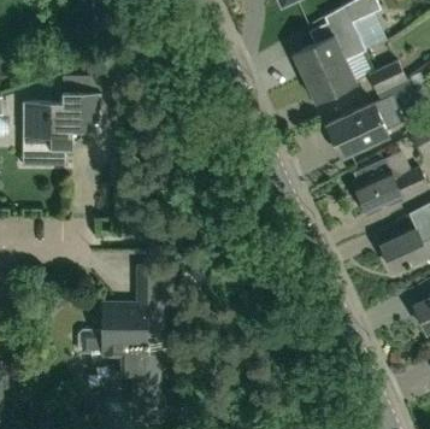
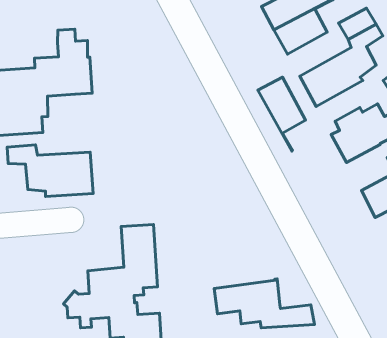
building: none -> [258,77,306,151]
building: none -> [7,145,93,196]
building: none -> [214,279,315,328]

